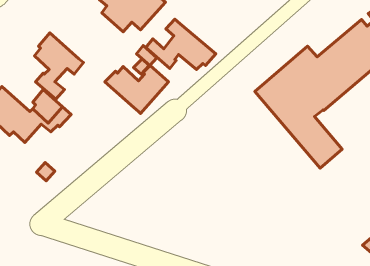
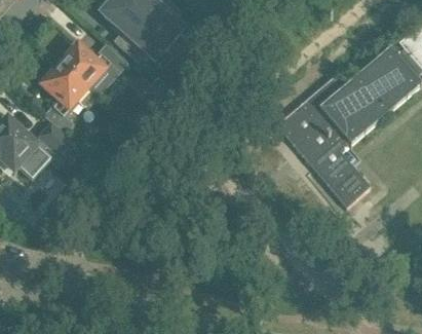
building: [146,19,216,69] -> none
building: [105,65,168,113] -> [59,42,126,94]

